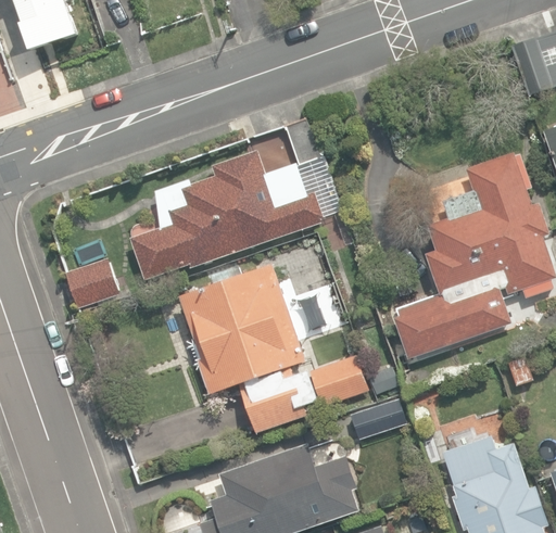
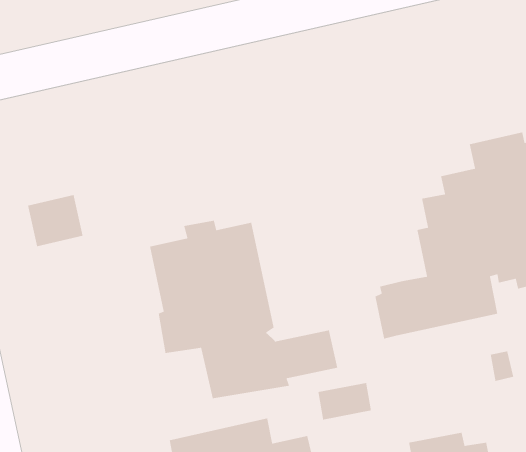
building: [129,117,326,280] -> none

